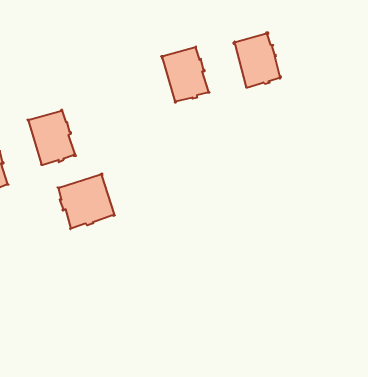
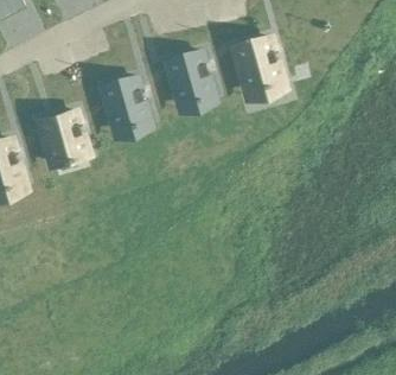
building: none -> [103,75,148,128]
building: [57,173,115,229] -> none

